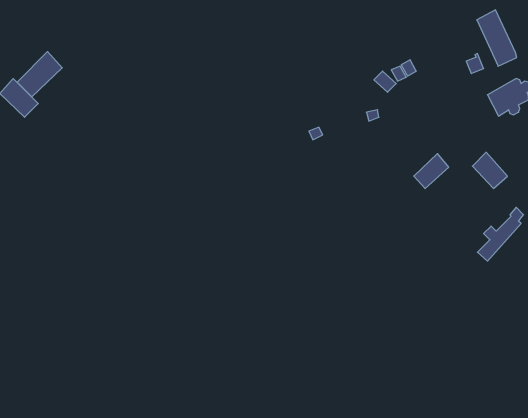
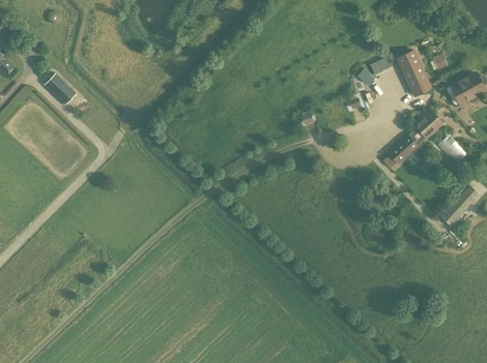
building: [477,10,517,66] -> [397,51,430,97]
building: [17,52,62,97] -> none
building: none -> [412,109,442,140]

